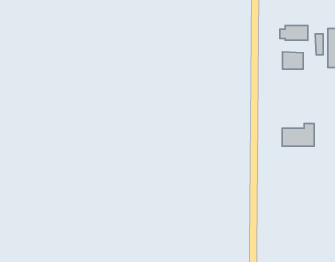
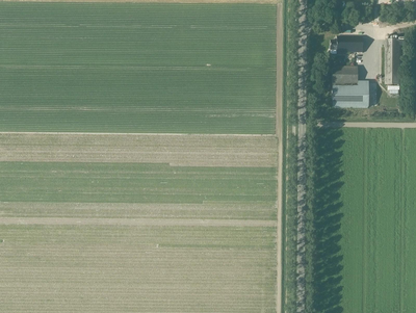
building: [282,124,314,146] -> [333,81,369,107]

